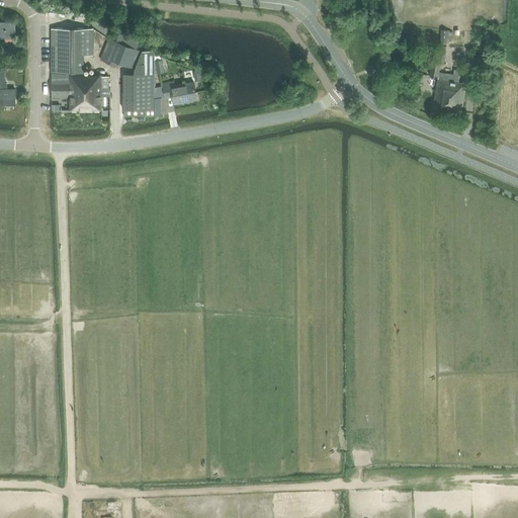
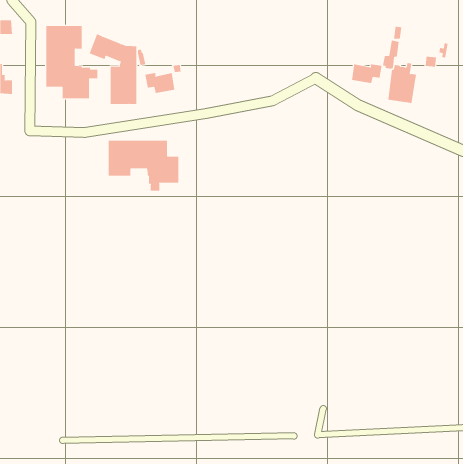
building: none -> [351,63,382,84]
building: none -> [108,140,179,192]

